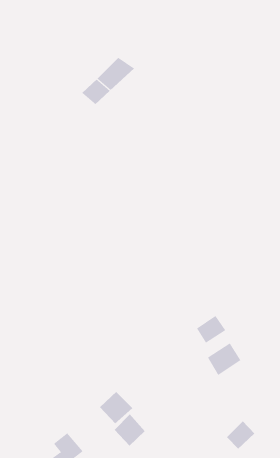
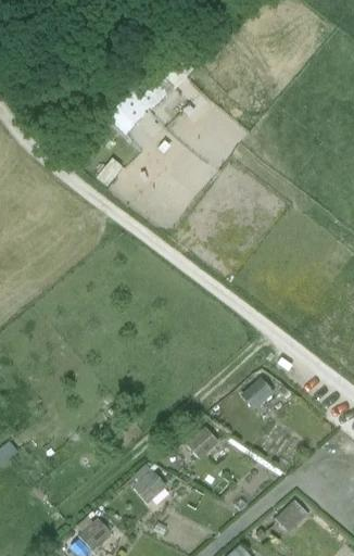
building: [207,343,241,376] -> none
building: none -> [186,428,218,459]
building: [114,414,146,446] -> none

